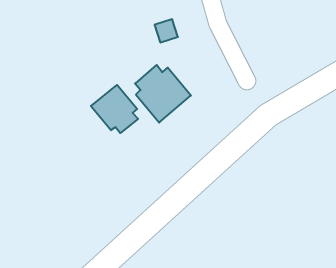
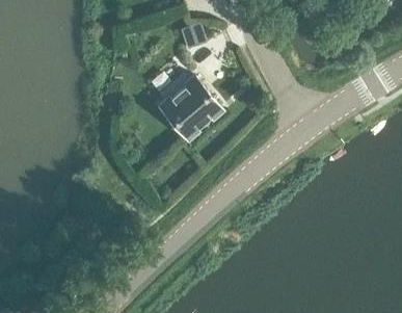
building: [91,85,138,133] -> none

